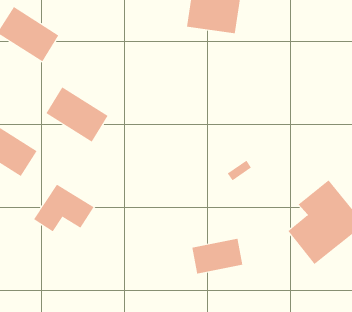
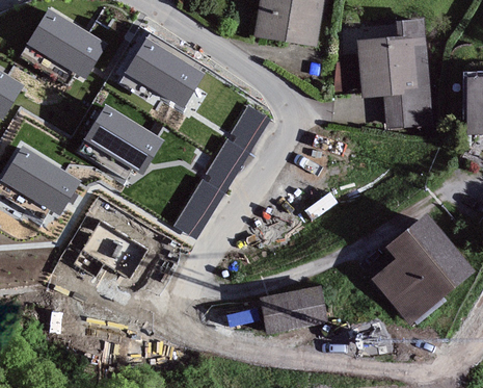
building: none -> [358,22,428,124]
building: none -> [125,38,200,106]
building: none -> [176,108,265,236]

